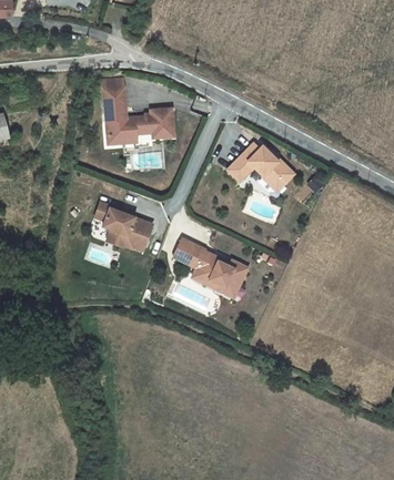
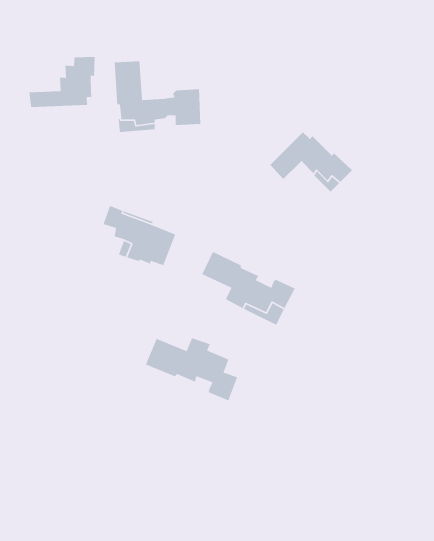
building: none -> [29,56,95,108]
building: none -> [145,337,238,402]

